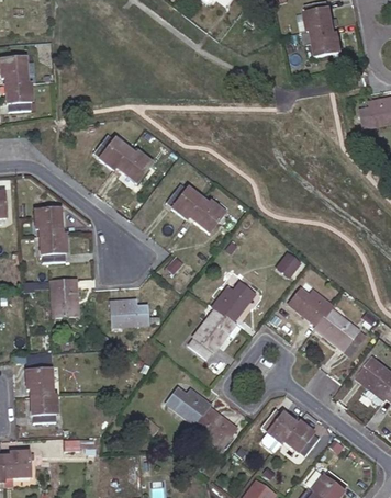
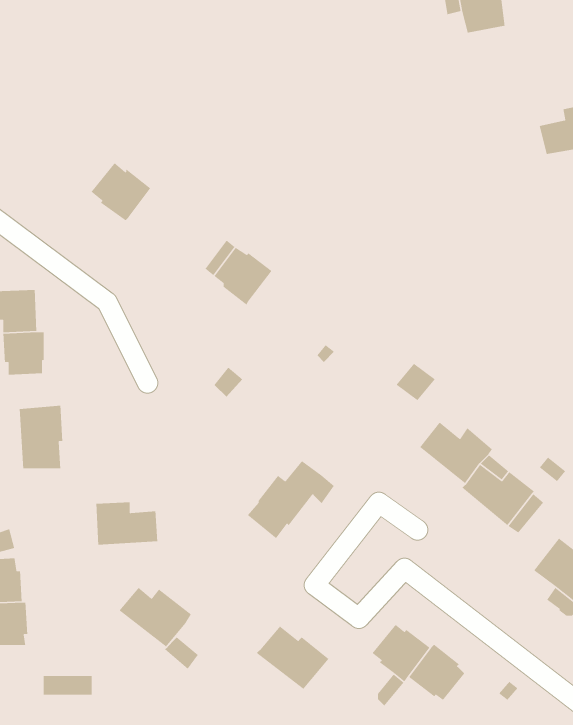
building: [116,148,152,182] -> none
building: [188,197,225,231] -> none
building: [212,281,254,319] -> none
building: [110,299,147,326] -> [96,501,158,545]
building: [166,387,210,423] -> [118,587,192,647]

